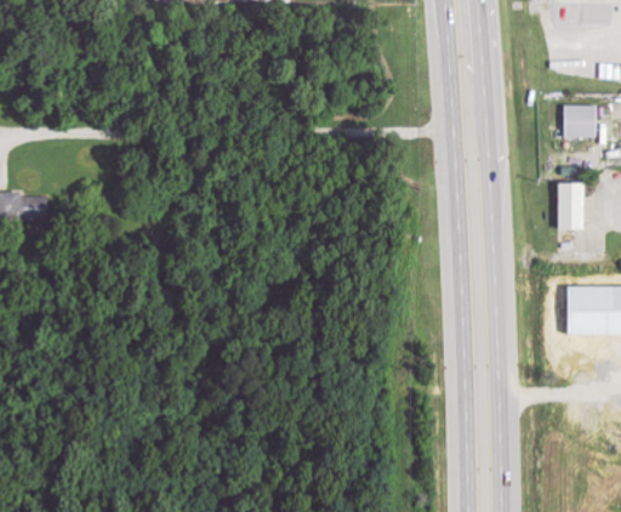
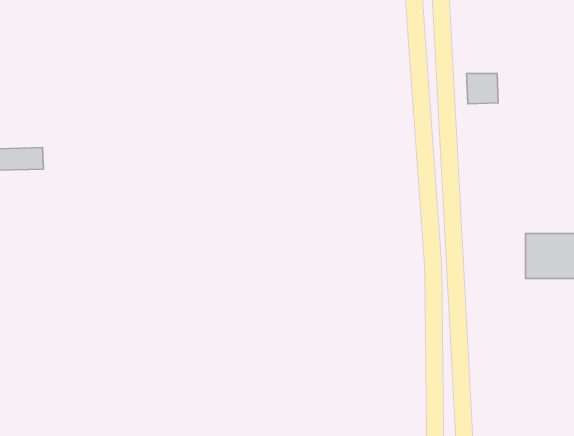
building: [563,106,597,138] -> [467,73,498,104]
building: [557,184,583,231] -> none

